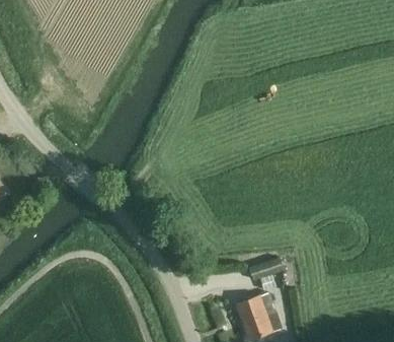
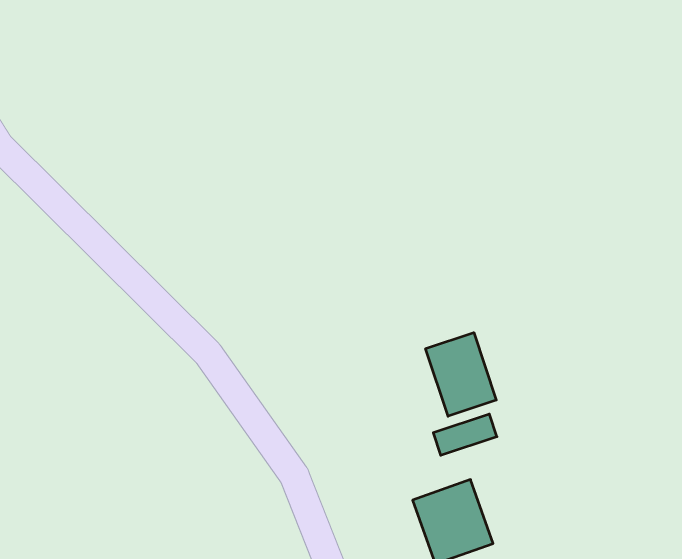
building: none -> [426,333,496,416]

